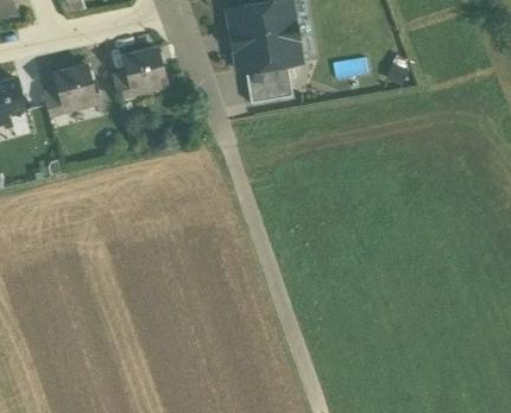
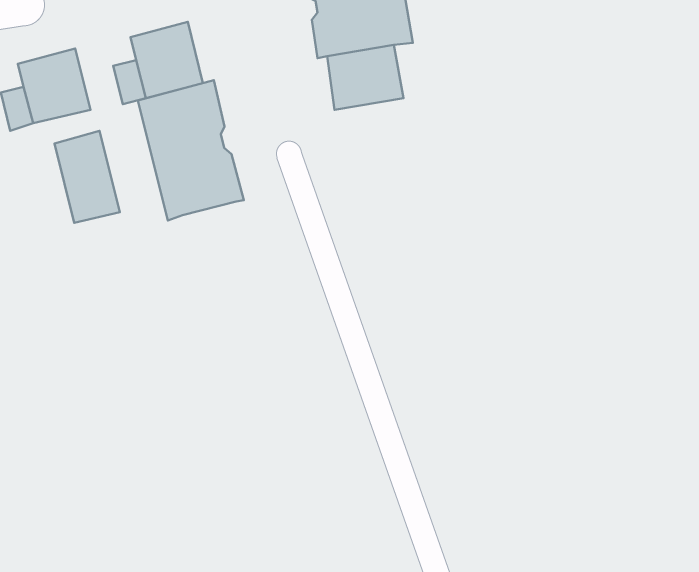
building: none -> [138,80,244,221]
building: none -> [55,131,120,223]

